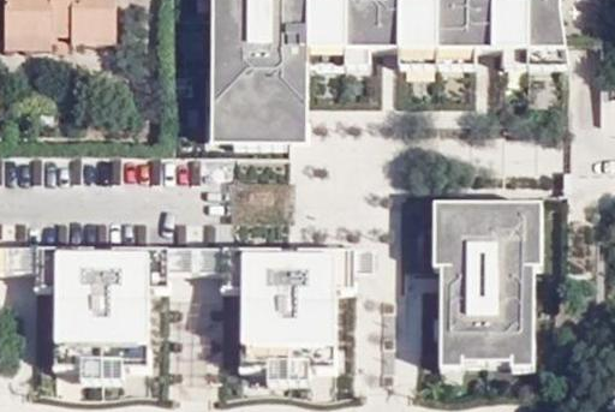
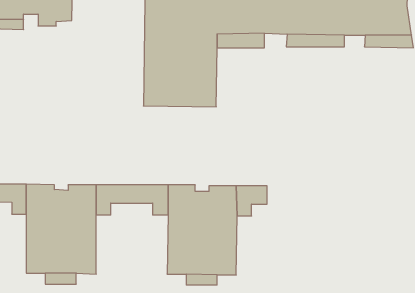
building: [432,203,542,372] -> none

